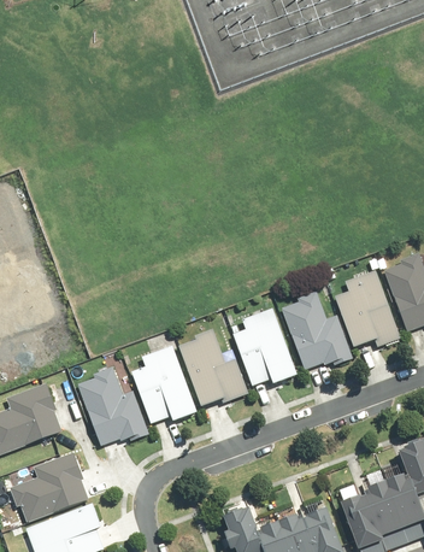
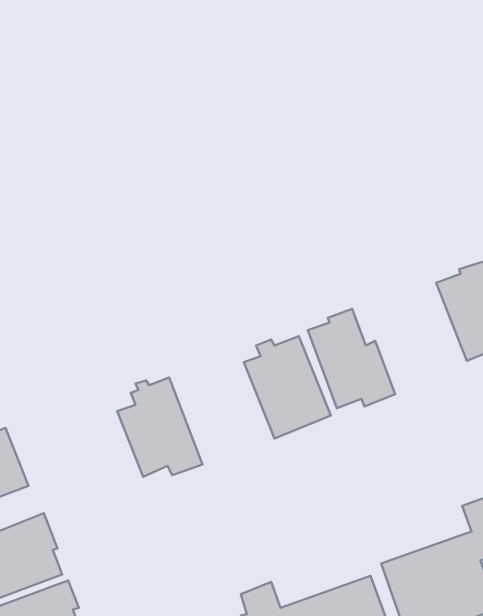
building: [332,270,401,348] -> none
building: [178,329,248,406] -> none
building: [76,368,148,447] -> none

